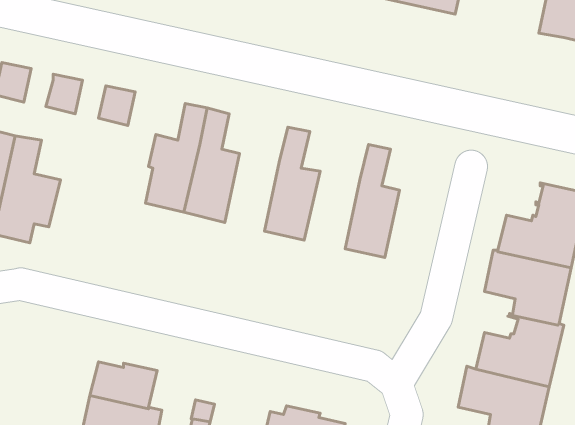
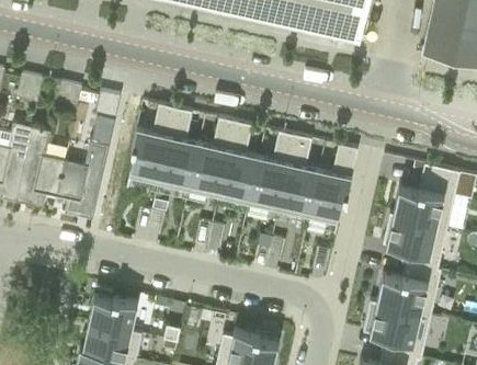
building: none -> [188,117,235,199]
building: none -> [247,132,295,213]
building: none -> [56,140,110,219]
building: none -> [307,145,357,226]

